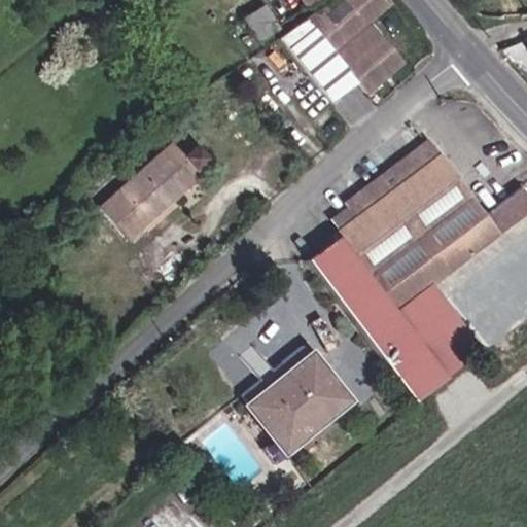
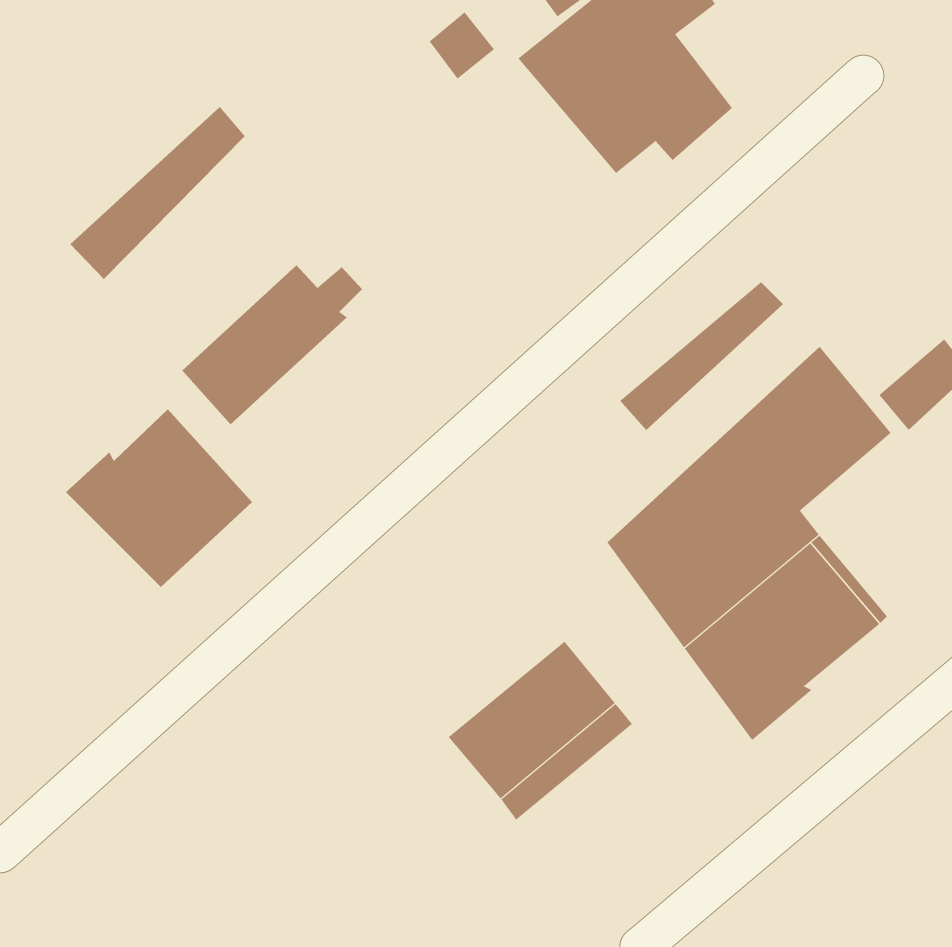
building: none -> [70,106,245,280]
building: [321,166,454,295] -> none
building: none -> [65,409,253,588]

